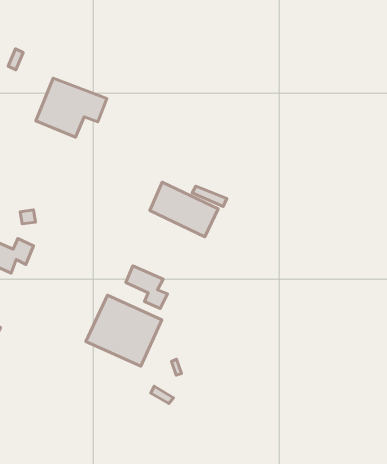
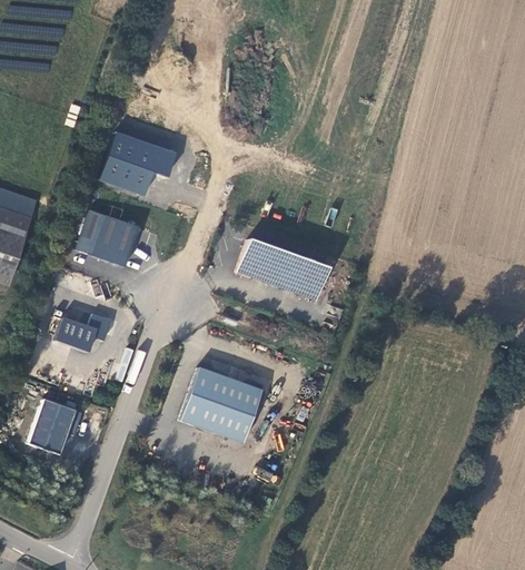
building: none -> [76,209,138,266]
building: none -> [300,261,327,298]
building: [126,266,168,309] -> none

